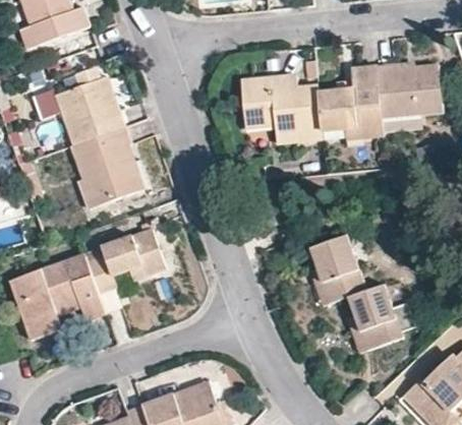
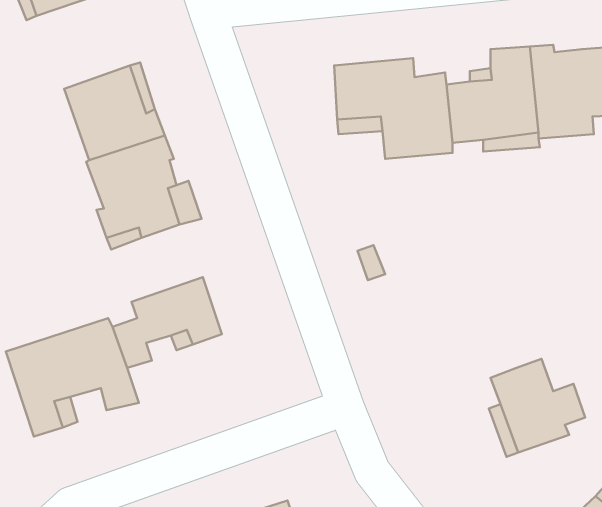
building: [310,236,367,302] -> none

